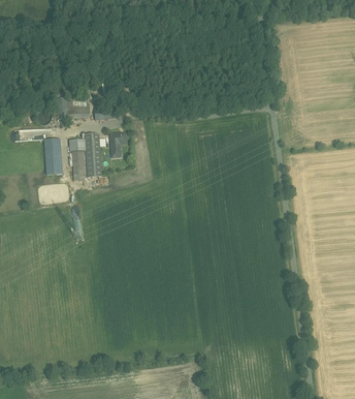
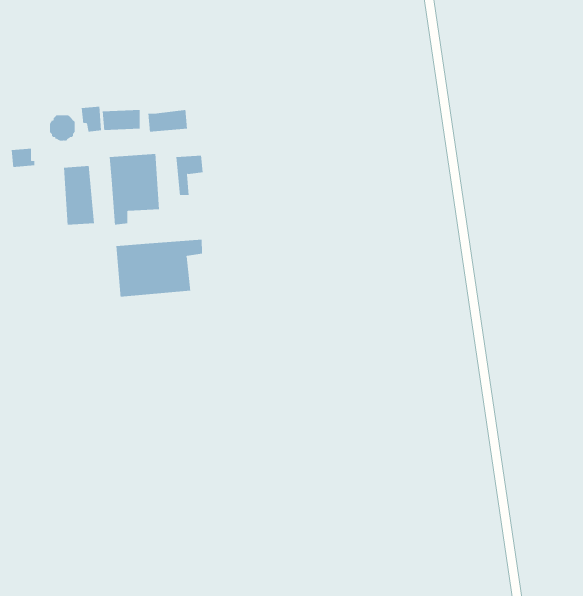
building: none -> [116,239,202,298]

